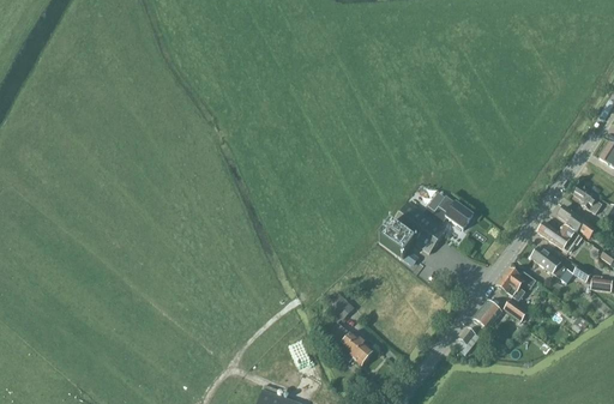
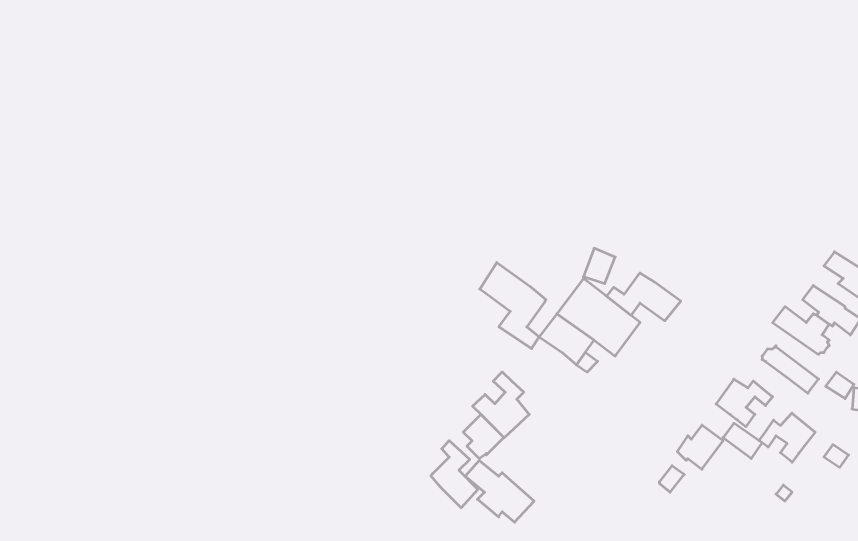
building: none -> [480,262,546,349]
building: none -> [473,372,529,438]
building: none -> [759,413,815,462]
building: none -> [431,441,478,508]

